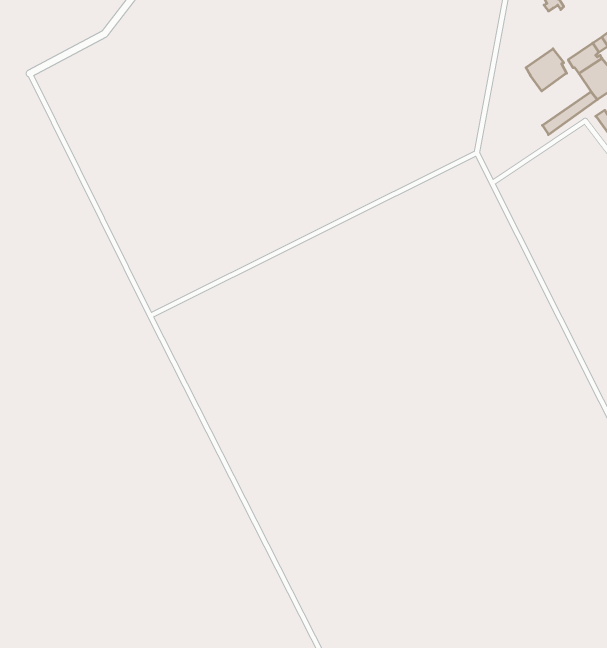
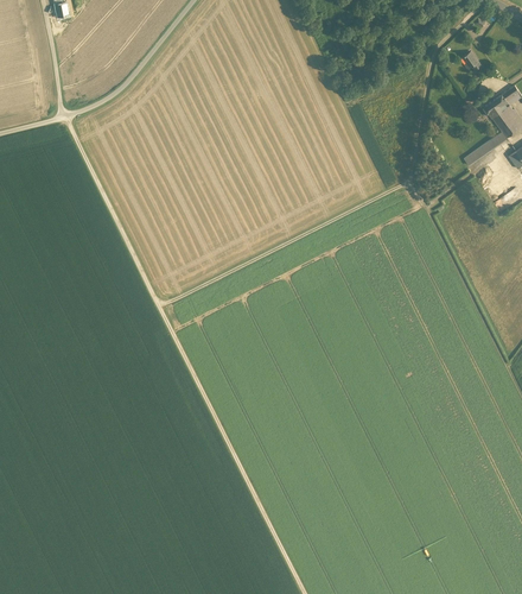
building: [526,49,567,91] -> none

